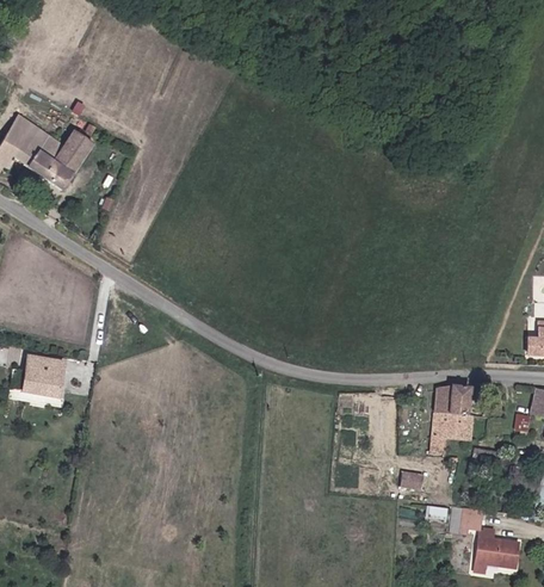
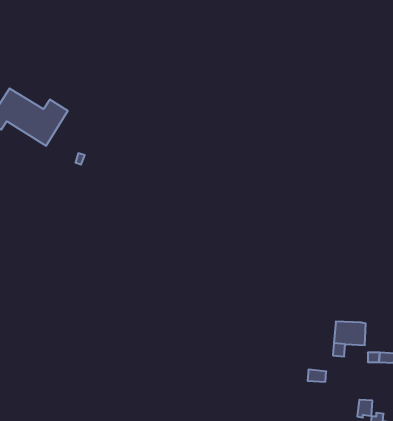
building: [23,356,64,396] -> none
building: [434,384,470,412] -> none

